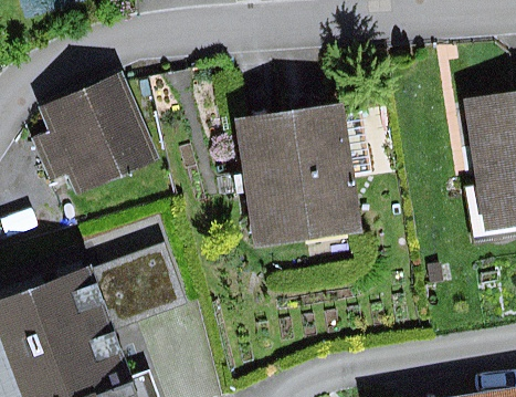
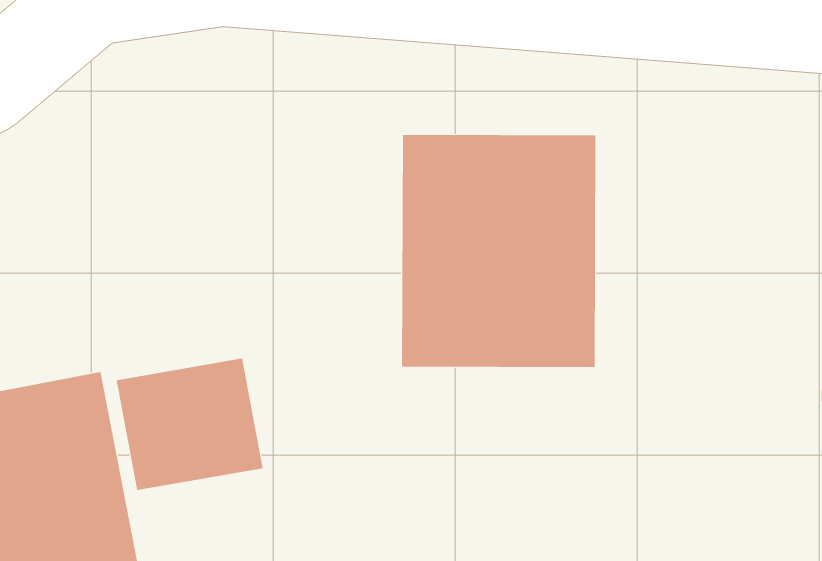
building: [32,80,157,200] -> none

